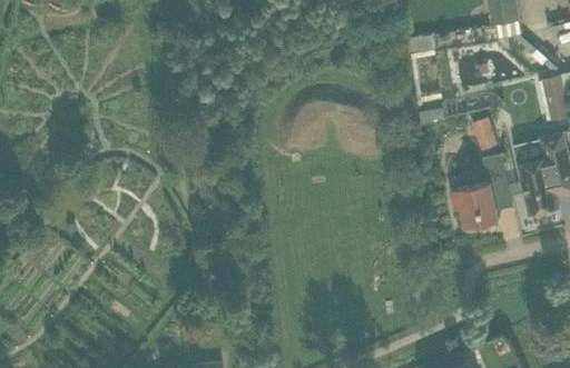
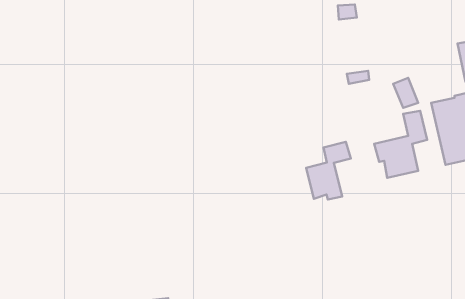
building: none -> [306,142,351,199]

